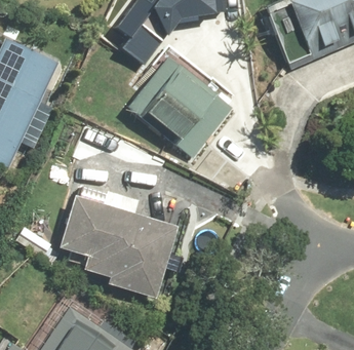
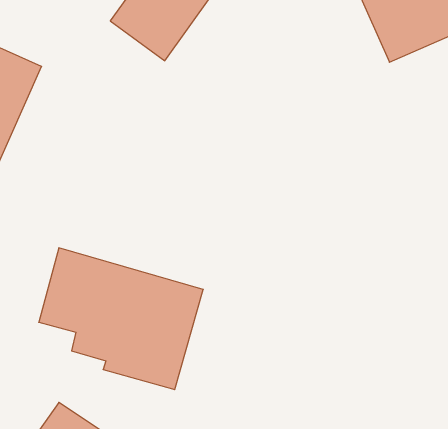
building: [127,56,235,160] -> none

